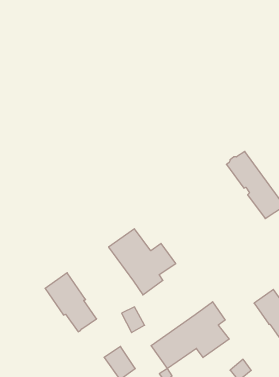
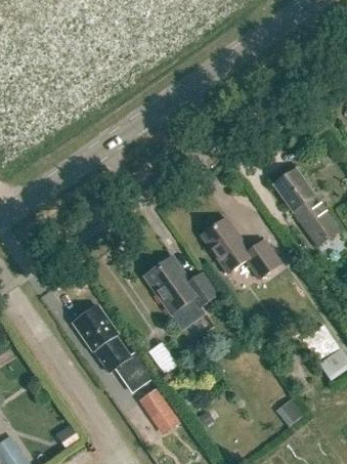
building: none -> [201,218,280,279]
building: [151,302,229,368] -> none
building: none -> [114,350,153,391]

